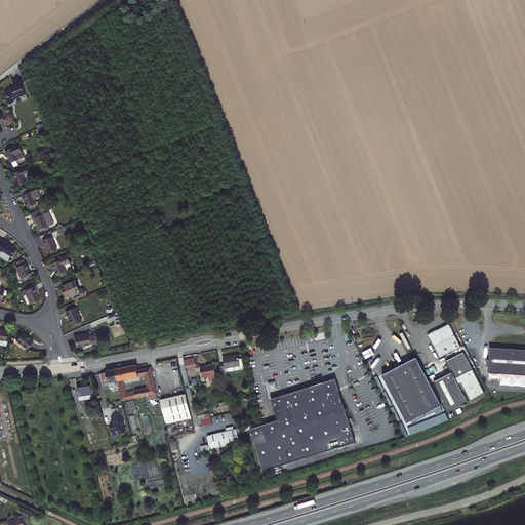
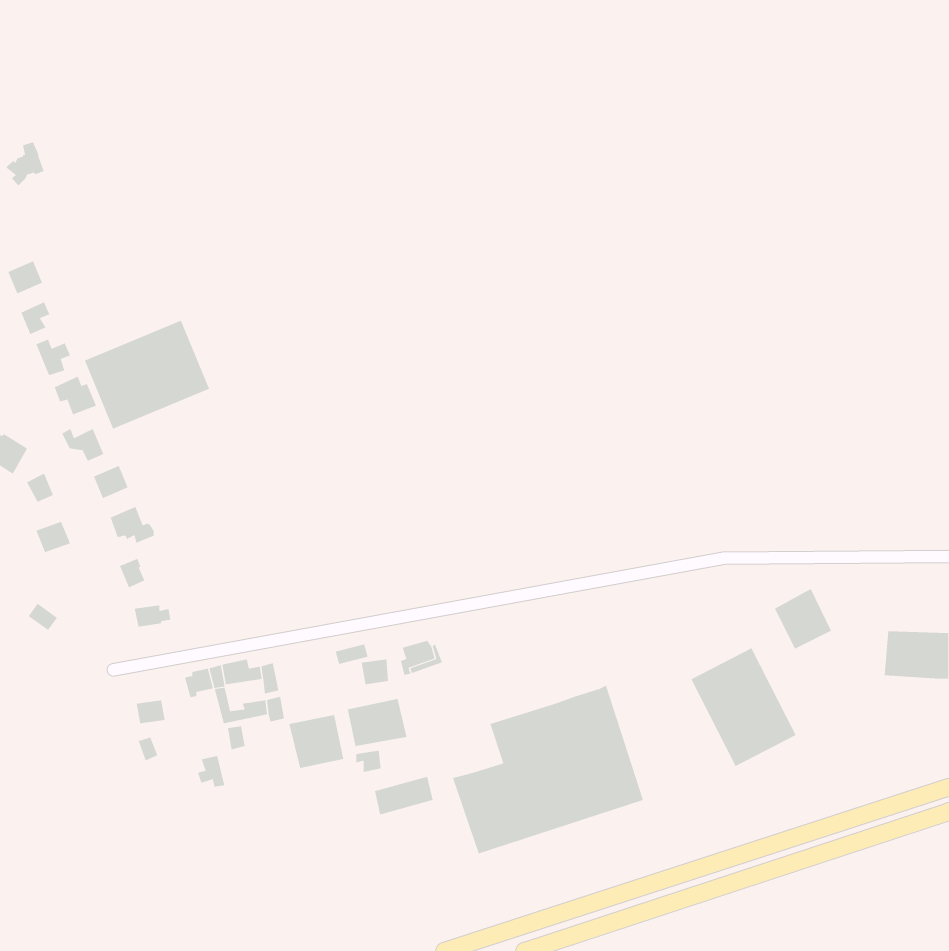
building: none -> [84,320,210,430]
building: [433,353,483,411] -> none
building: none -> [347,698,407,747]

